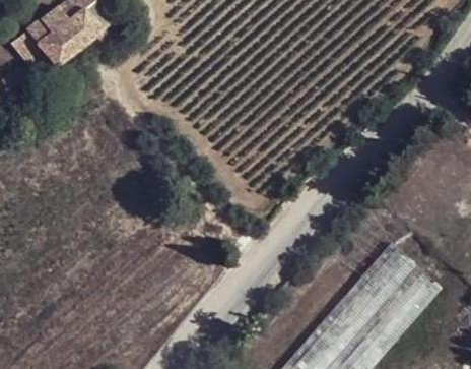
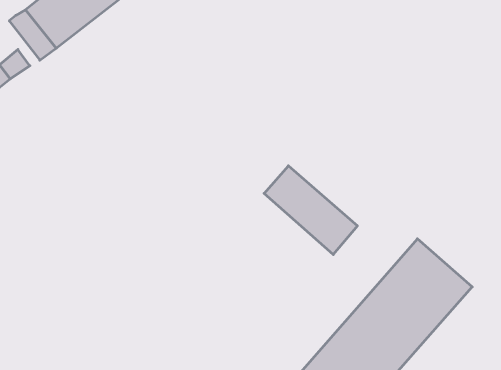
building: none -> [264,166,357,255]

